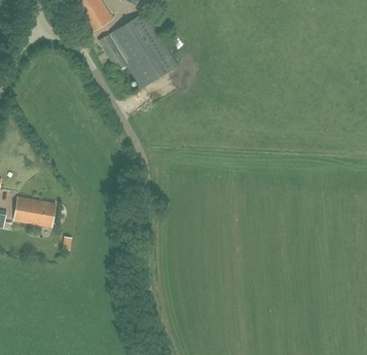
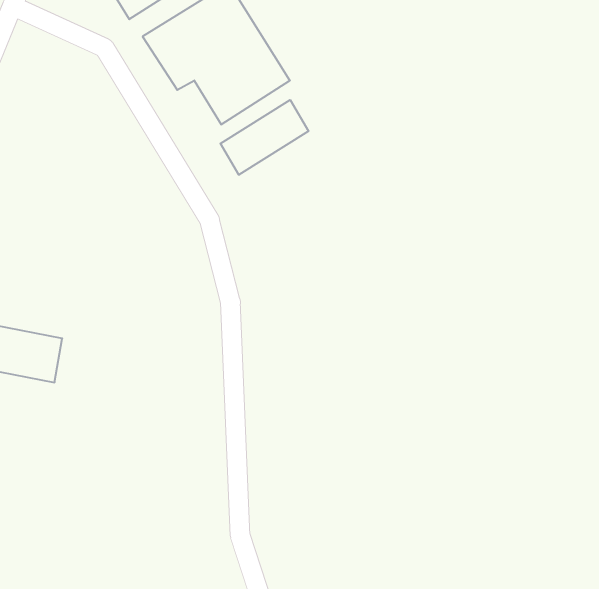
building: none -> [220,100,308,175]

